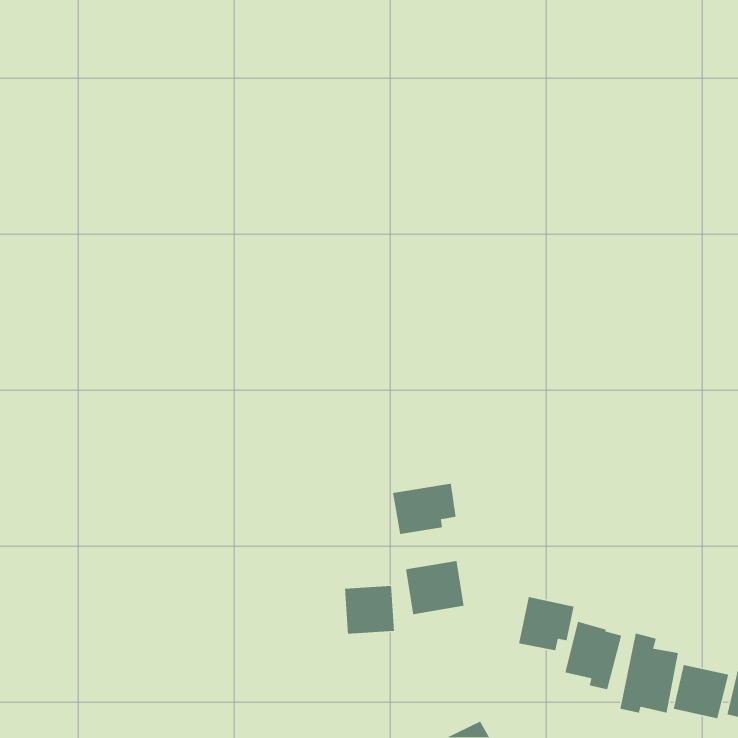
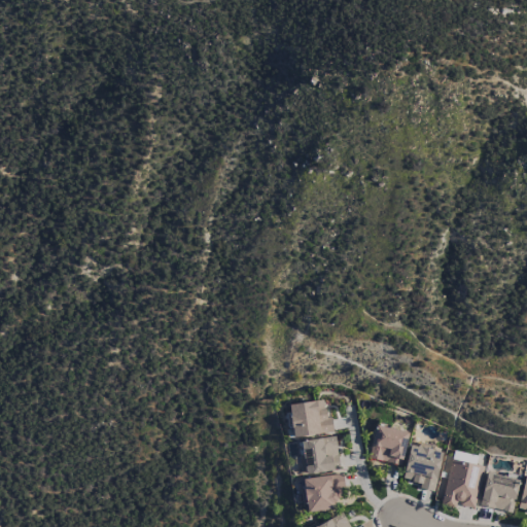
building: [392,483,456,535] -> none
building: [344,585,395,634] -> [303,437,339,472]
building: none -> [304,475,344,512]

